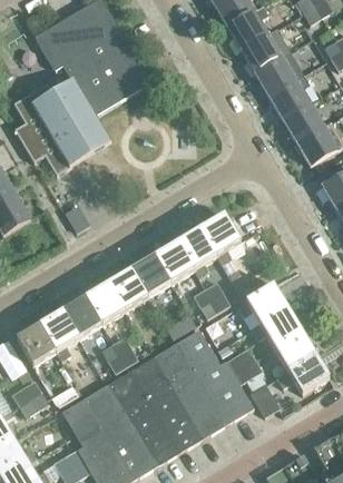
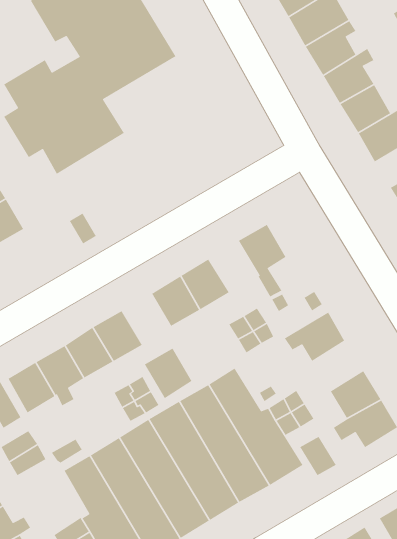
building: [177,227,217,277] -> none
building: [108,269,147,310] -> [144,348,193,399]
building: [252,307,301,347] -> none

